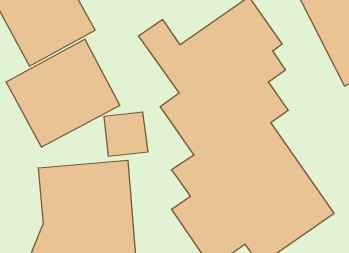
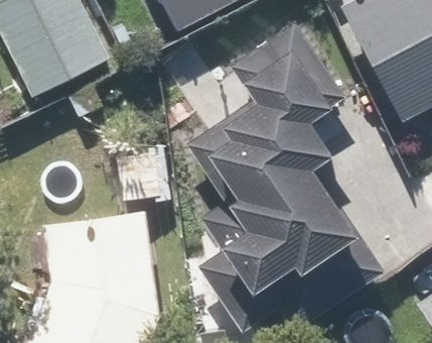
building: [6,39,120,147] -> none

